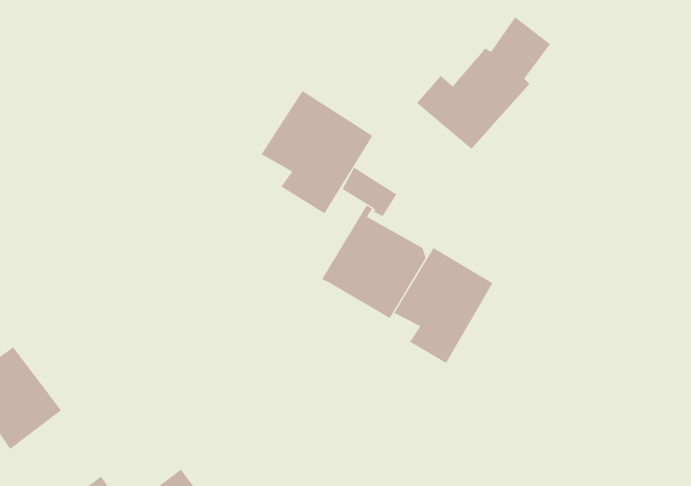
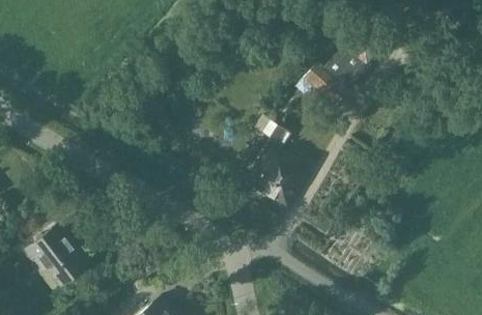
building: [261,90,373,214] -> none
building: [394,247,493,364] -> none

